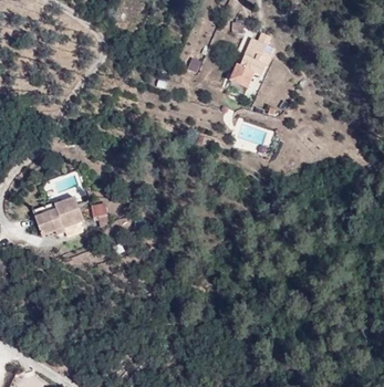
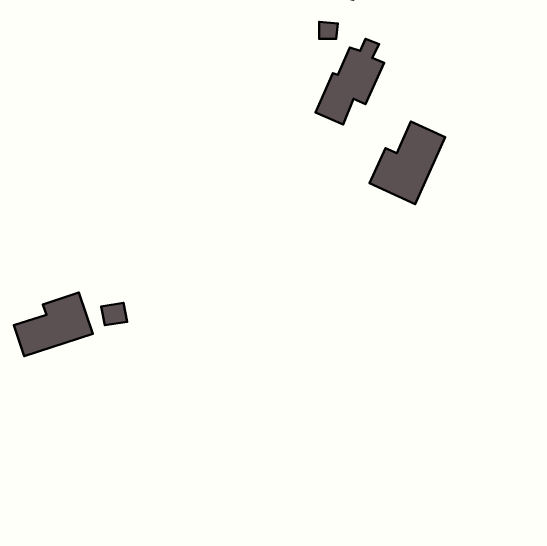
building: none -> [369,121,445,204]

